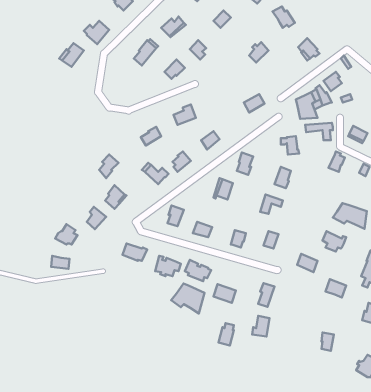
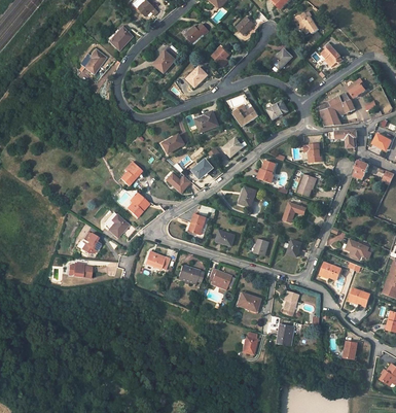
building: none -> [226,94,258,127]
building: [333,203,367,229] -> none
building: [171,284,205,313] -> none

